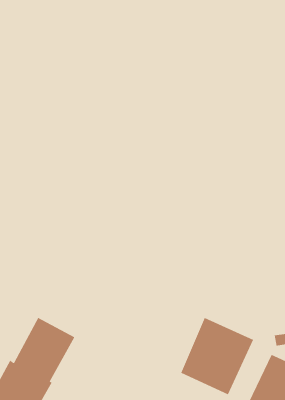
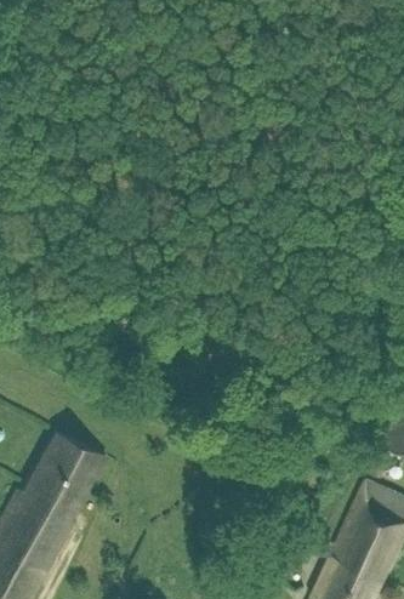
building: [181,317,254,395] -> none

